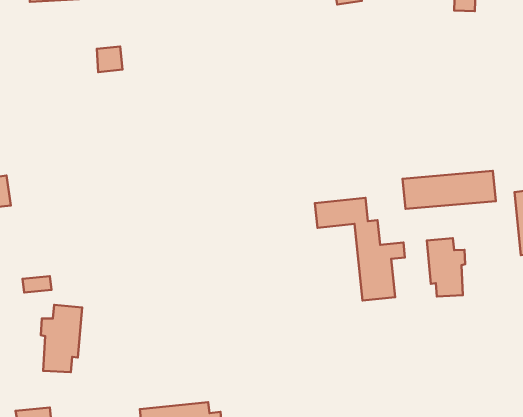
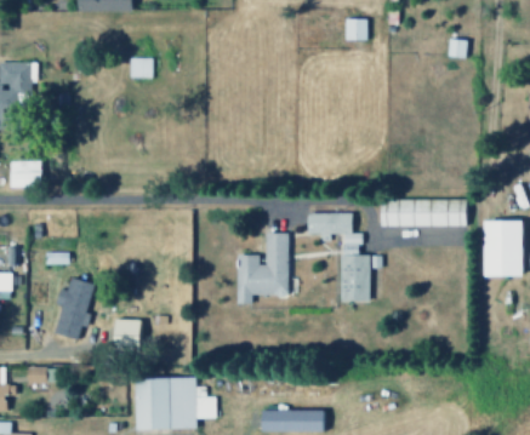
building: none -> [238,233,289,304]
building: [427,238,465,296] -> none
building: none -> [113,319,139,350]

